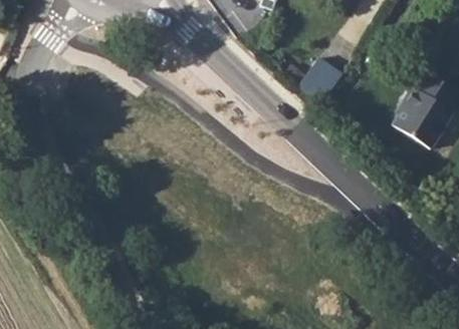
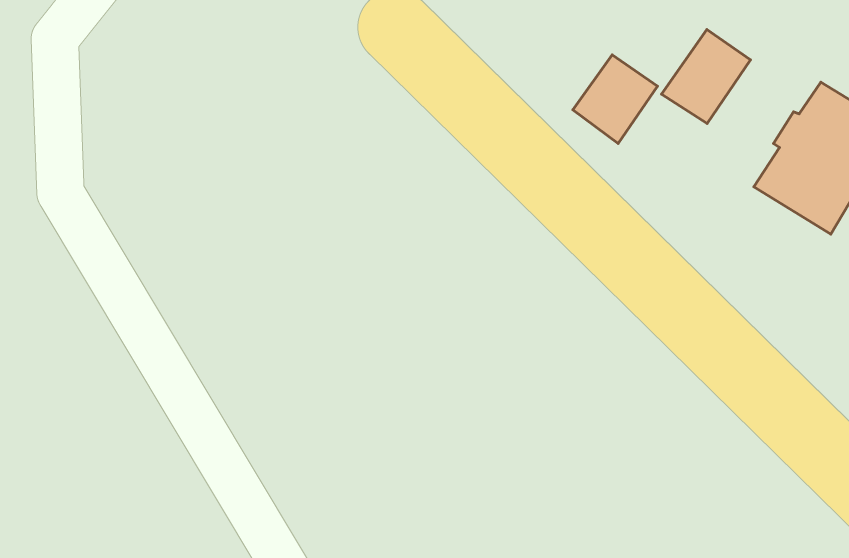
building: none -> [662,30,750,124]

